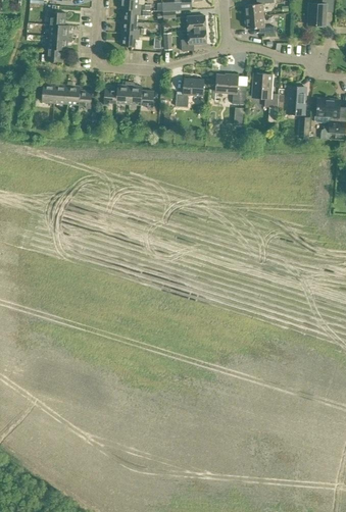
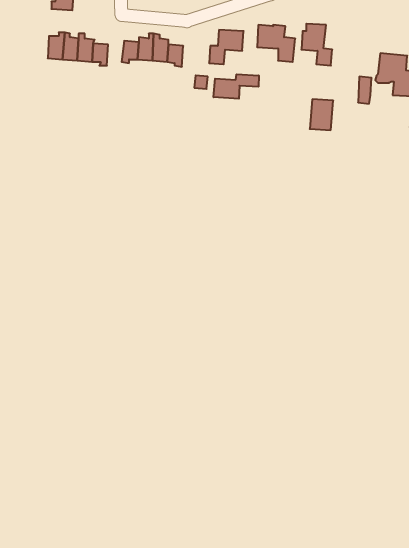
building: [287,87,306,112] -> [310,99,333,130]
building: none -> [214,74,259,99]

